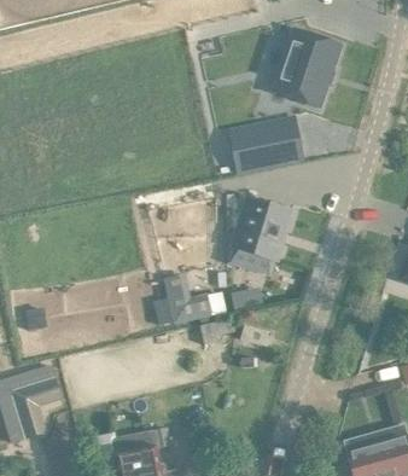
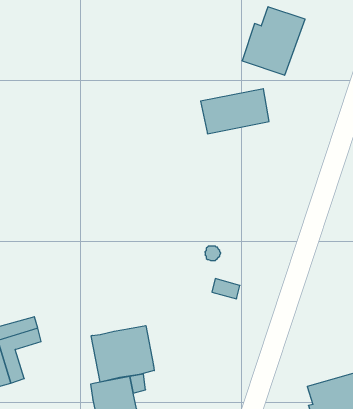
building: [231,197,292,274] -> none
building: [164,273,214,324] -> none
building: none -> [91,326,154,382]

